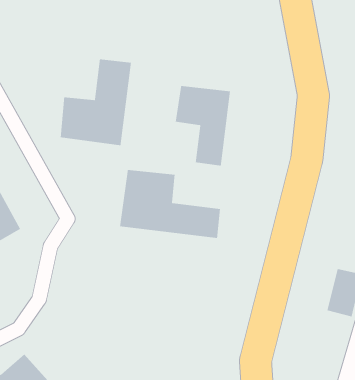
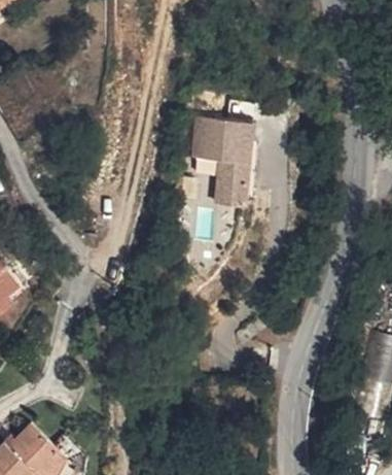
building: [60,59,132,146] -> none
building: [119,169,221,239] -> none

